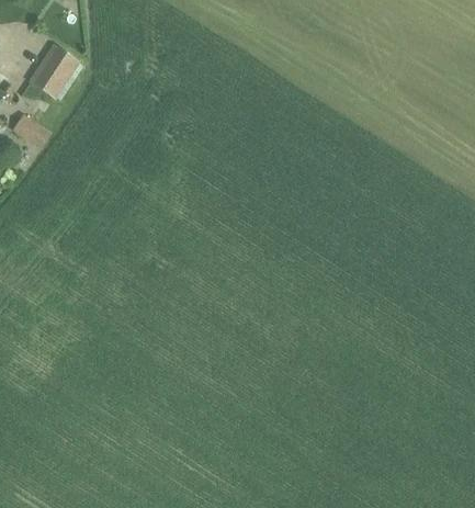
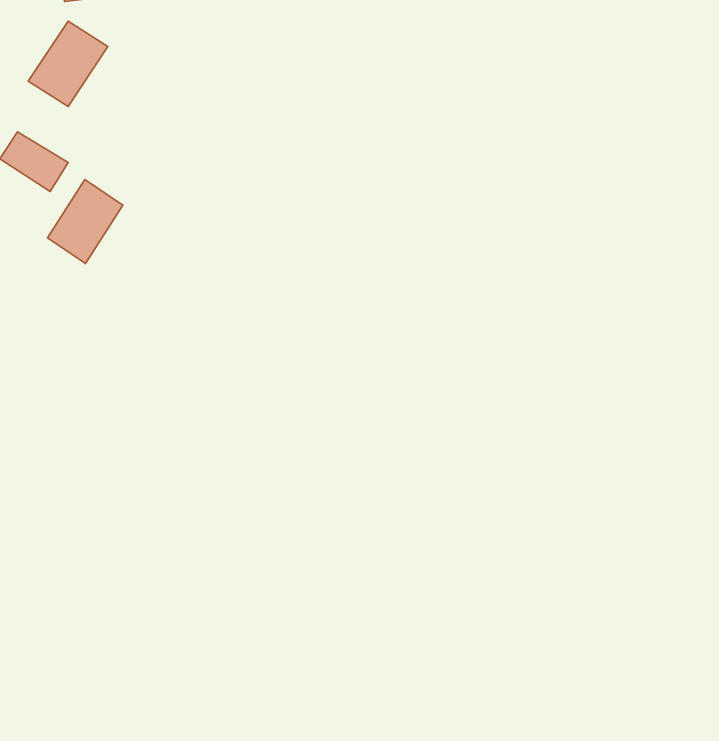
building: none -> [47,179,123,263]

